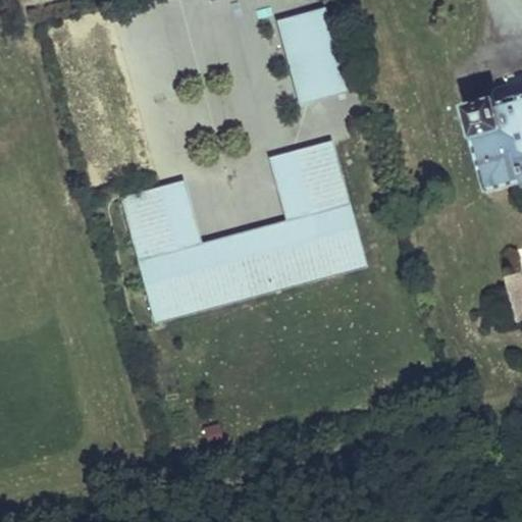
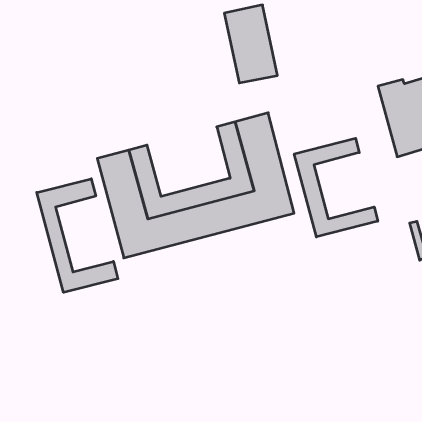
building: none -> [294,138,378,237]
building: none -> [37,179,118,292]

